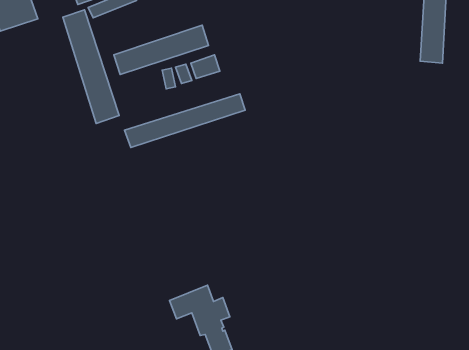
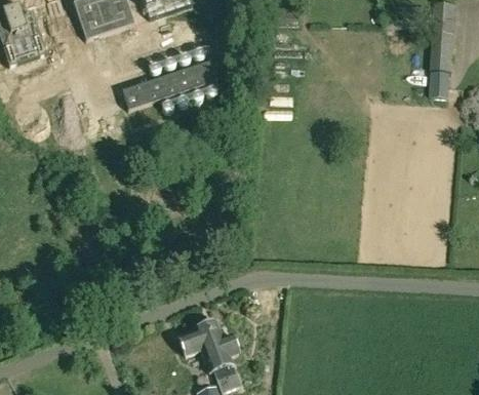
building: [63,10,119,124] -> none
building: [125,94,245,147] -> none

